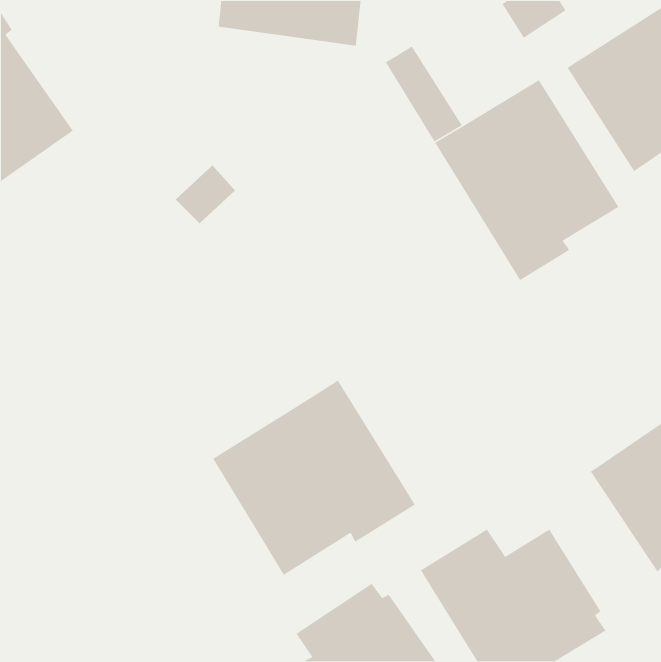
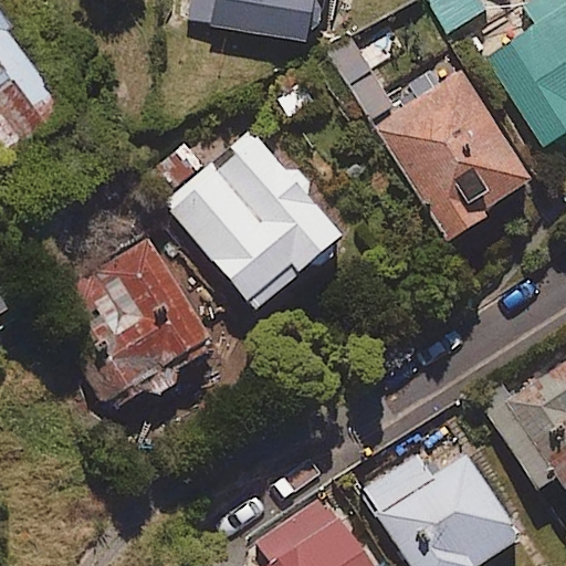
building: none -> [167,134,342,308]
building: none -> [66,234,213,388]
building: [212,379,416,576] -> none

